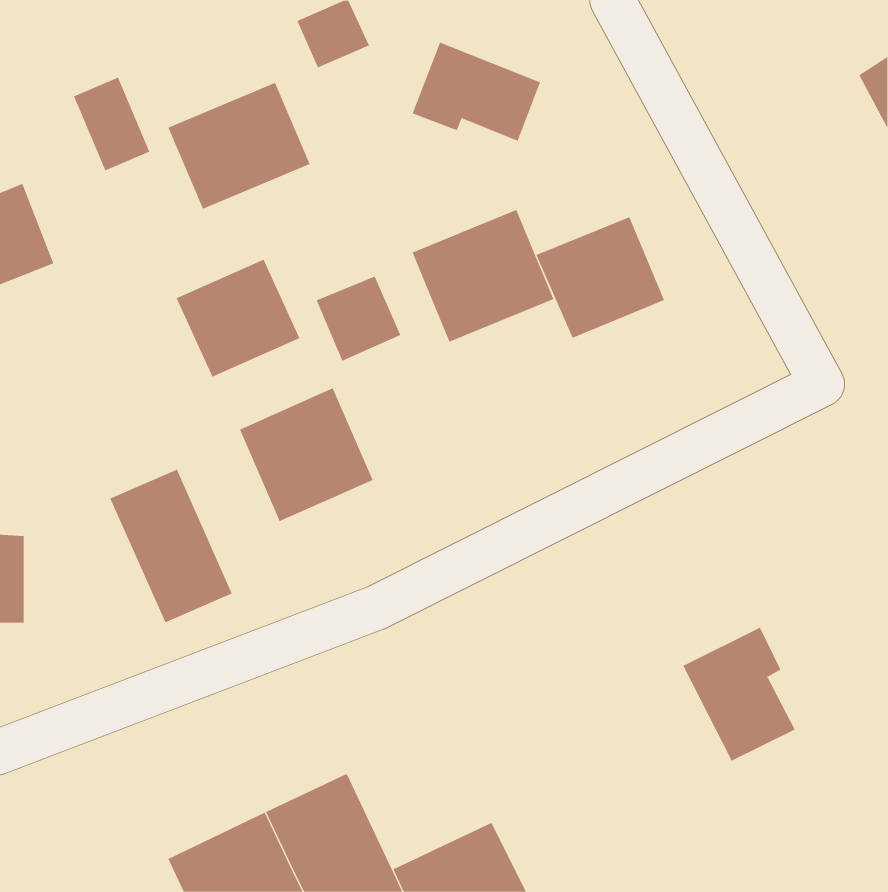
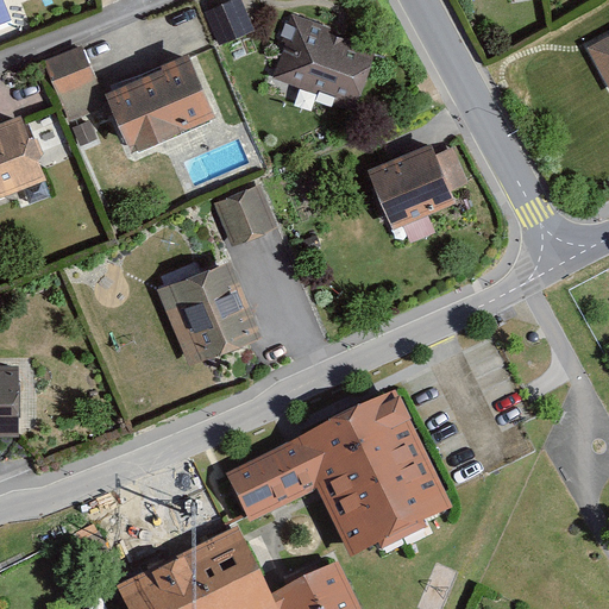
building: [412,209,554,343] -> none
building: [176,259,300,378] -> none
building: [110,469,233,623] -> none
building: none -> [225,388,453,554]
building: [683,627,796,762] -> none

